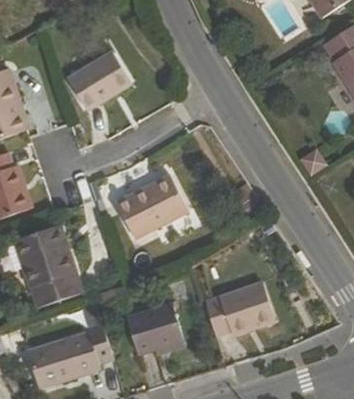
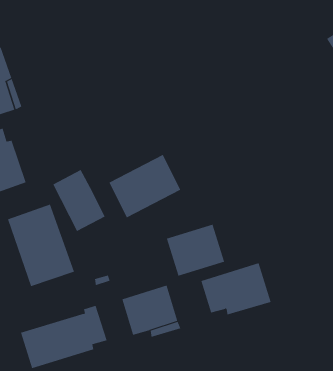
building: [67,52,132,111] -> none
building: none -> [52,169,105,232]
building: none -> [166,224,225,277]

